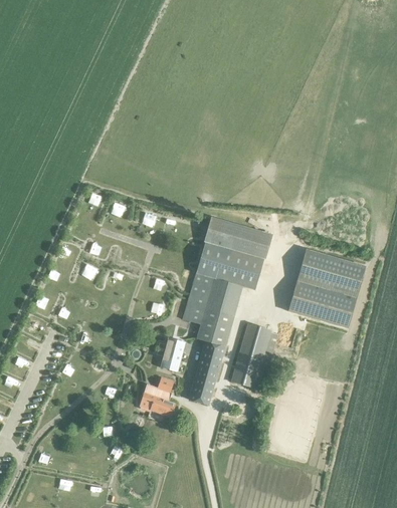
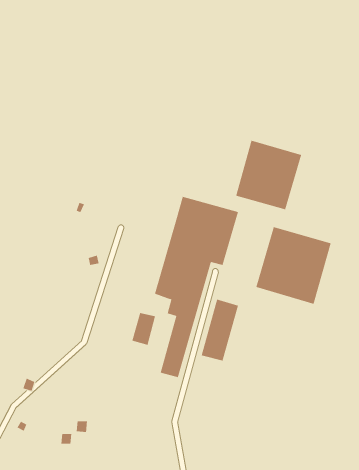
building: none -> [236,140,302,210]
building: [140,376,175,416] -> none

